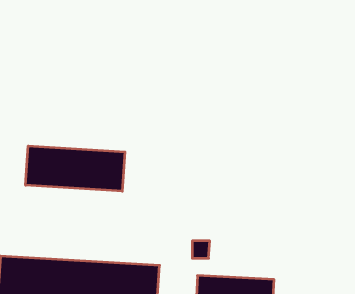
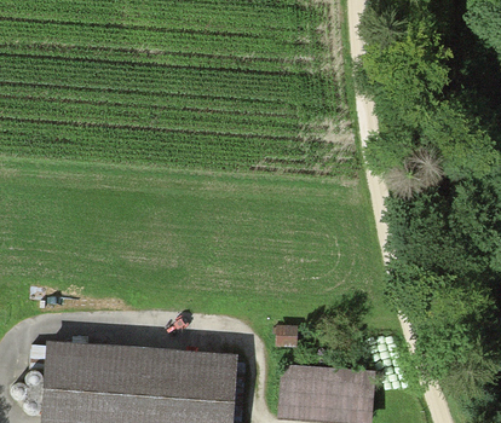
building: [26,146,125,191] -> none

